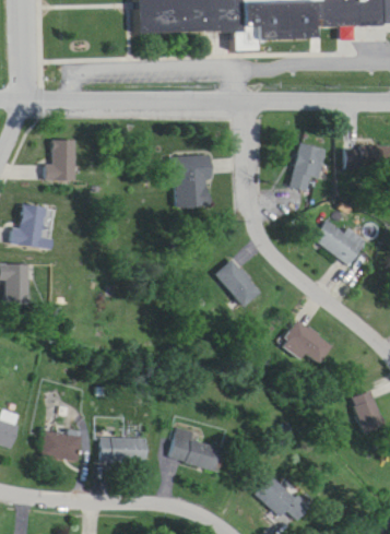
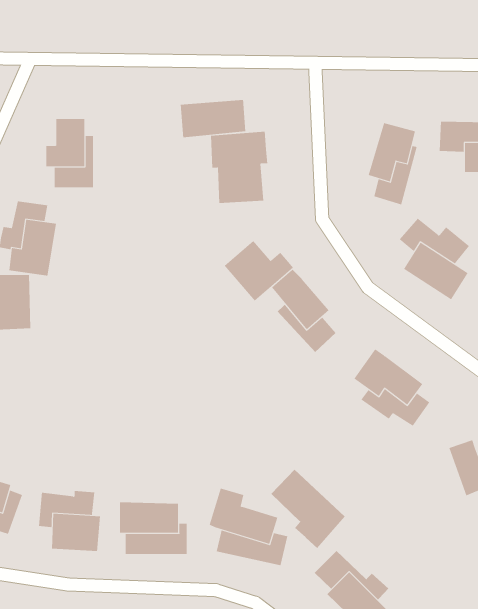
building: none -> [180,99,246,138]
building: none -> [224,240,294,301]
building: none -> [270,469,346,549]

